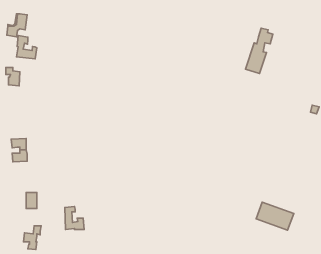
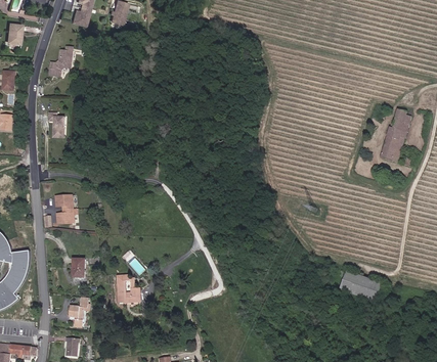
building: [245,28,273,74] -> [380,109,411,163]
building: [16,35,37,59] -> none

